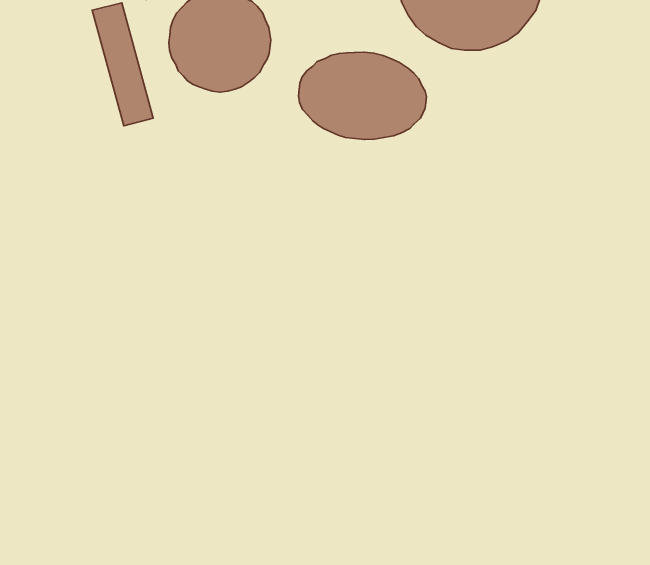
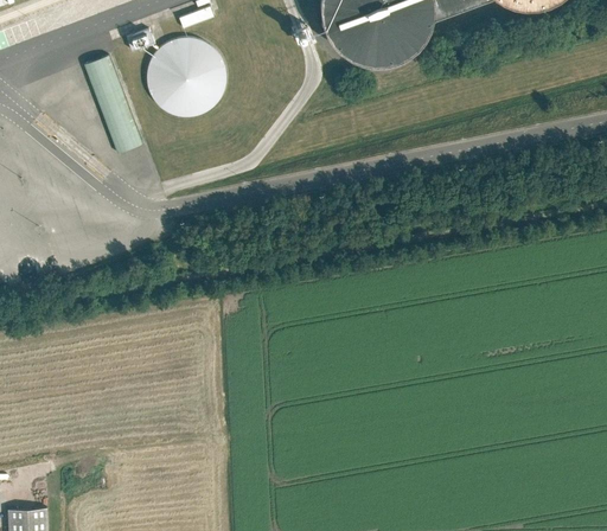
building: [298,52,426,139] -> none

